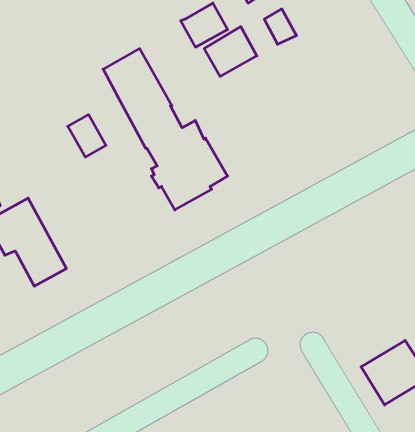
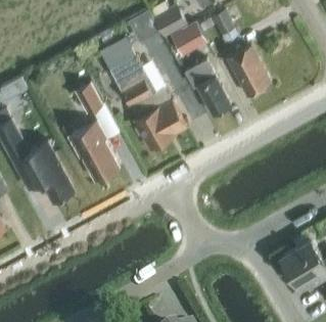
building: none -> [225,45,271,96]
building: none -> [183,58,230,114]
building: none -> [68,122,118,179]

